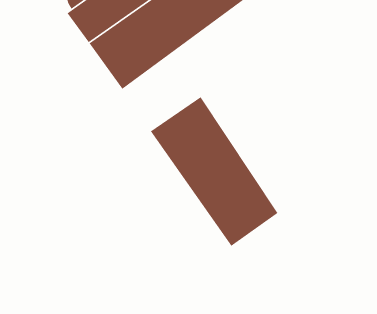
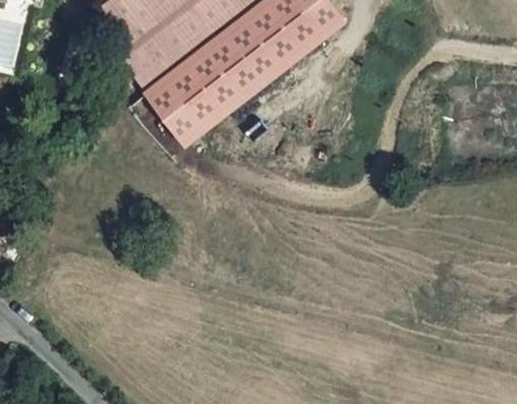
building: [150,96,278,247] -> none

